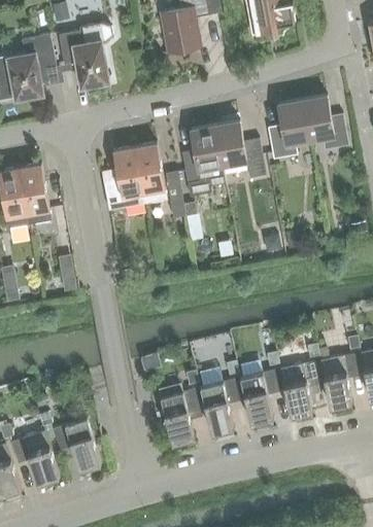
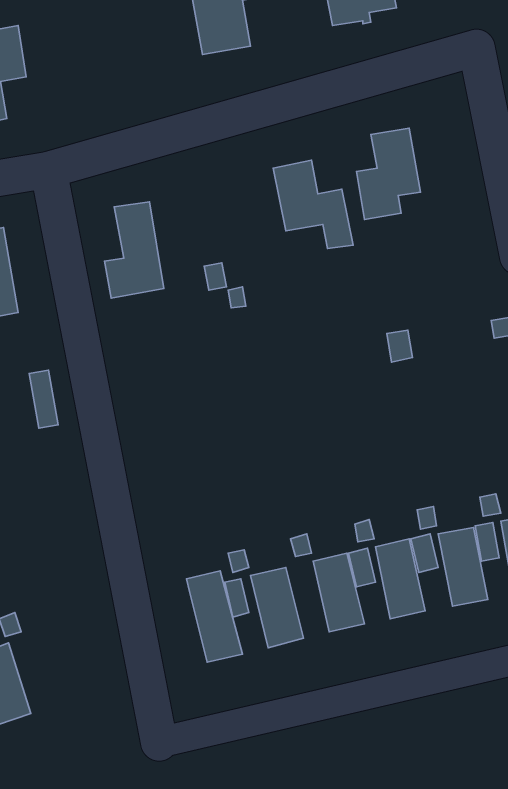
building: [57,24,112,87] -> none
building: [301,95,347,149] -> none
building: [181,126,224,195] -> none
building: [134,143,166,203] -> none
building: [64,418,100,469] -> none

